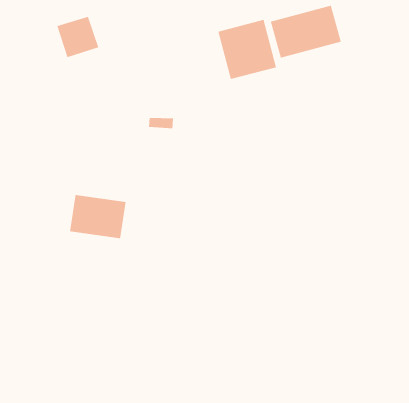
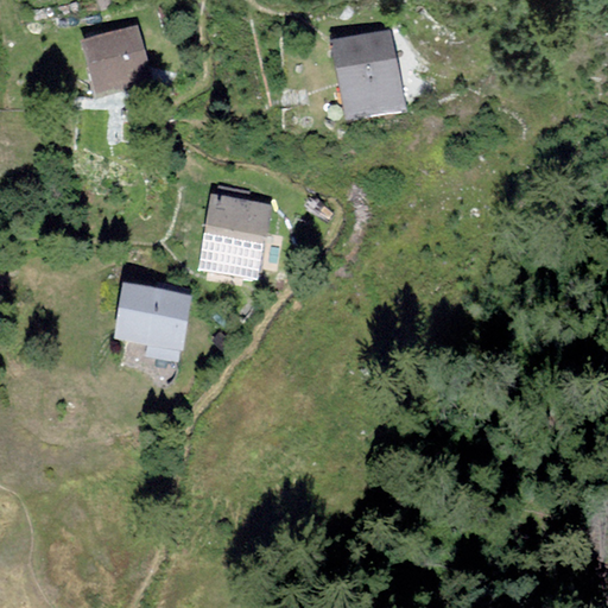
building: [270,5,342,58] -> none
building: none -> [205,196,271,268]

